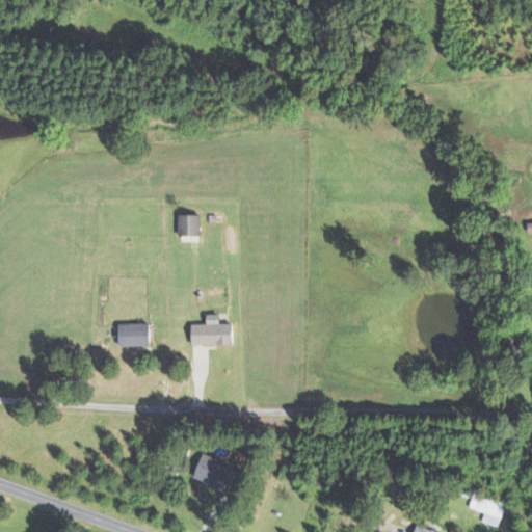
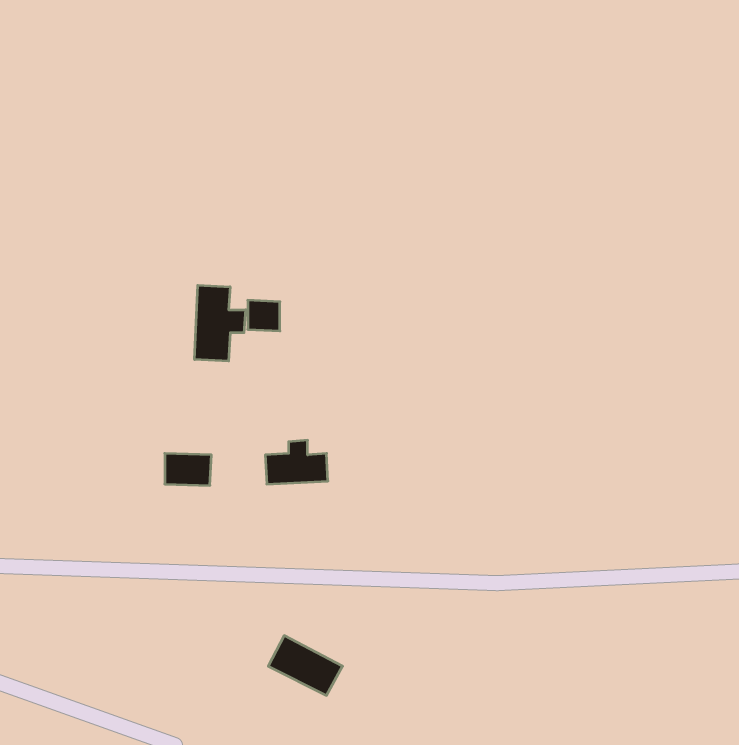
building: none -> [195,285,246,361]
building: [467,490,505,527] -> none

